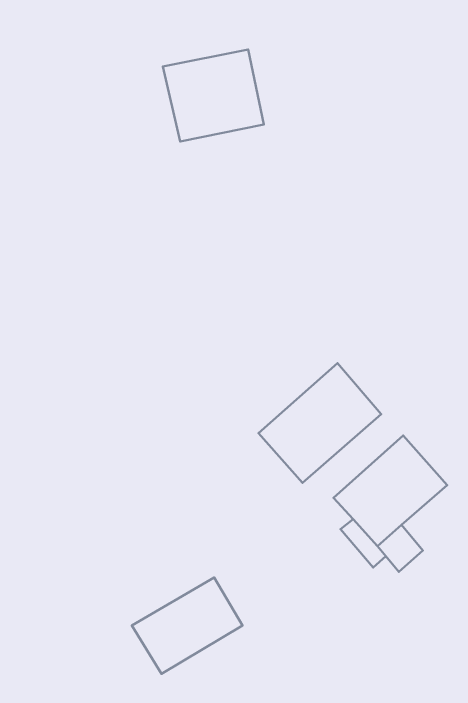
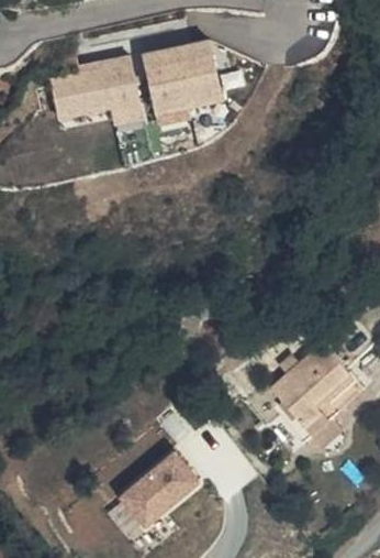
building: none -> [48,56,143,125]
building: [258,363,381,483] -> none

